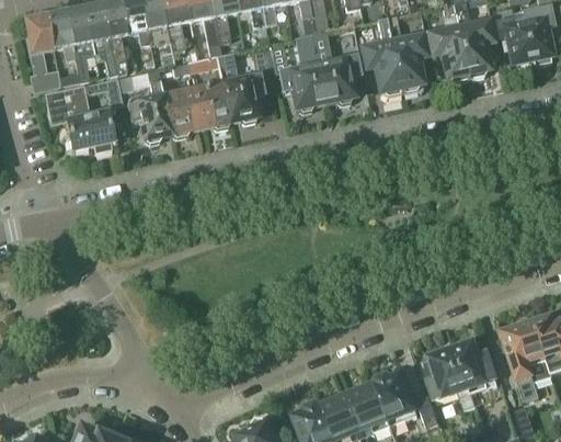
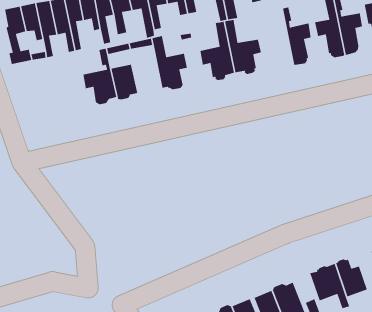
building: [362,16,401,94] -> none
building: [44,77,123,151] -> none
building: [194,82,229,128] -> none

